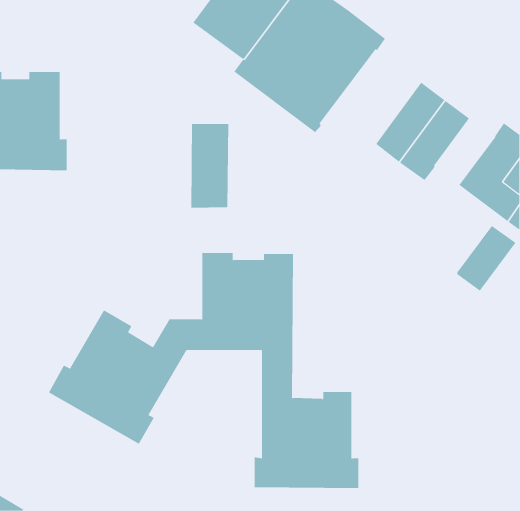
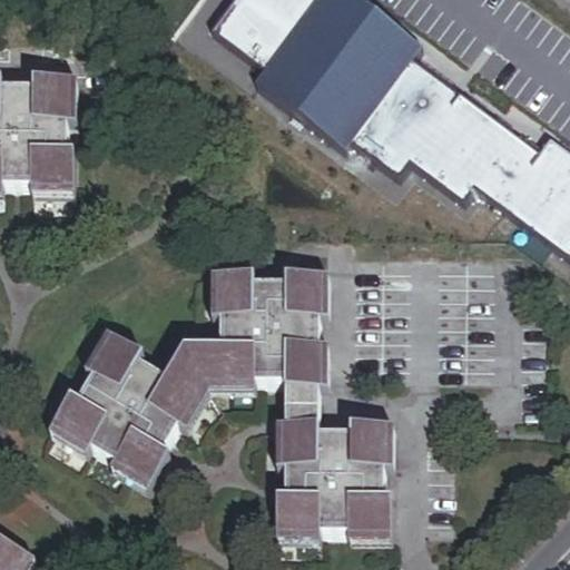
building: none -> [348,55,458,173]
building: [191,123,229,208] -> none
building: [457,225,516,292] -> [473,129,538,202]

